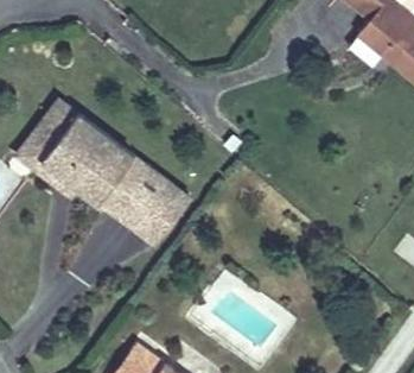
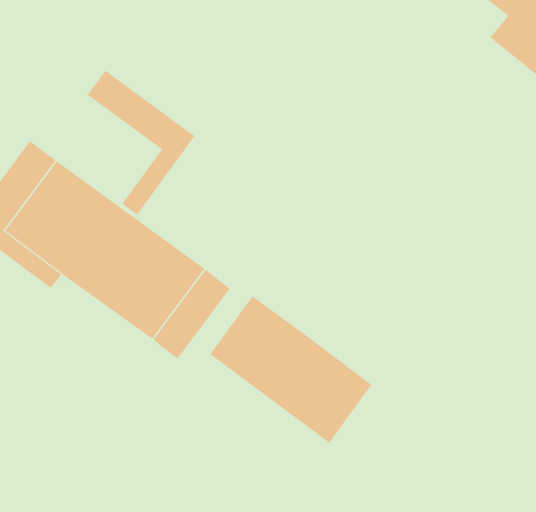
building: none -> [87,70,195,215]
building: none -> [209,296,372,443]

